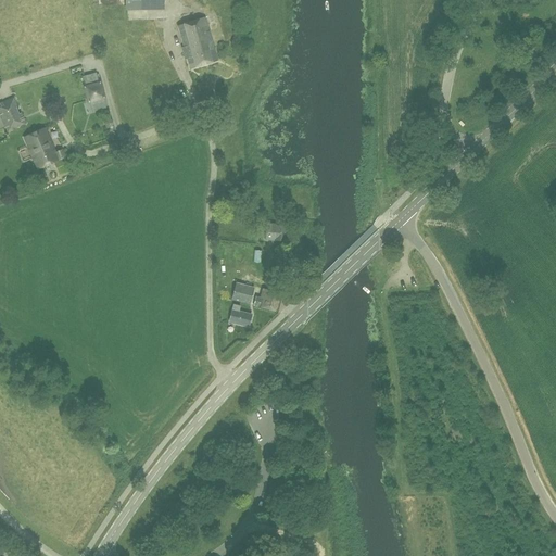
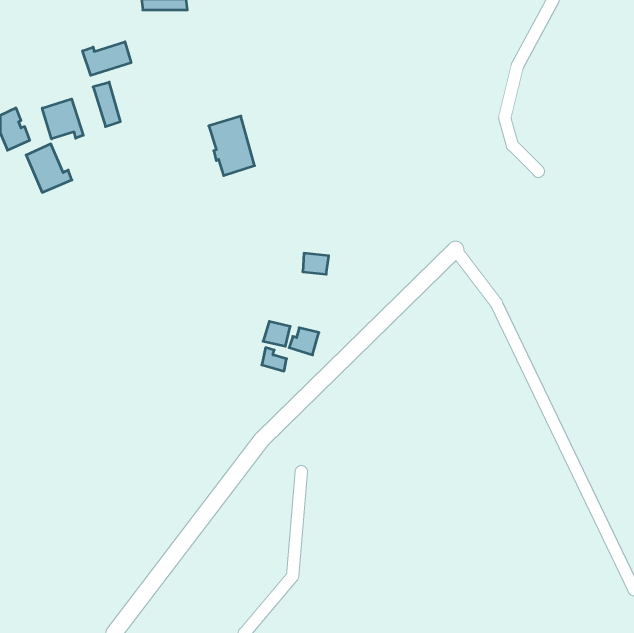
building: [176,15,216,67] -> [209,116,255,176]
building: none -> [83,42,131,75]
building: none -> [42,99,83,139]

